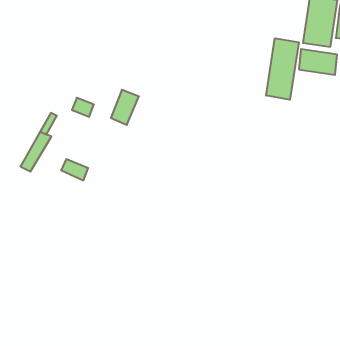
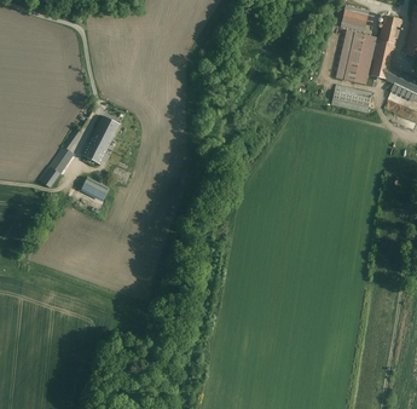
building: [266,38,299,100] -> none
building: [111,90,139,125] -> [83,127,114,163]

